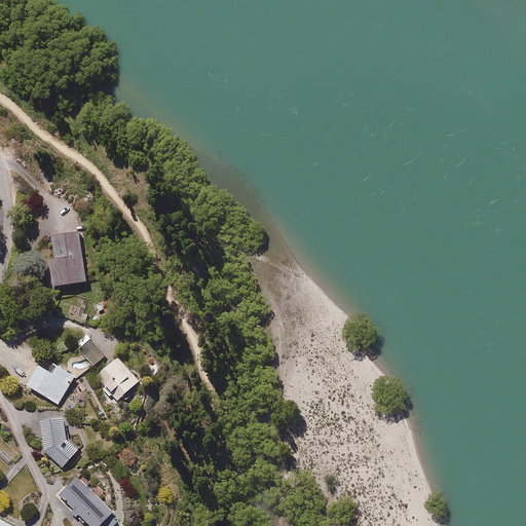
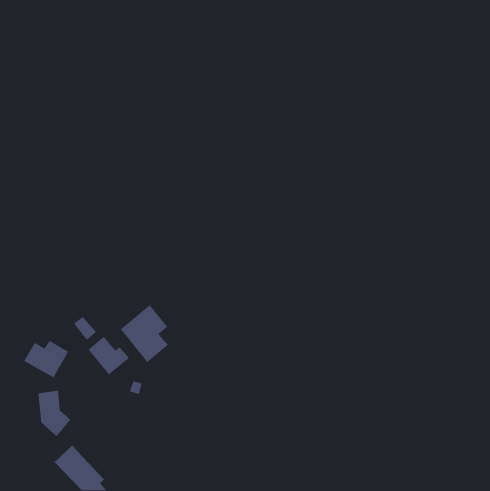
building: [47,231,86,285] -> none
building: none -> [120,304,169,363]

